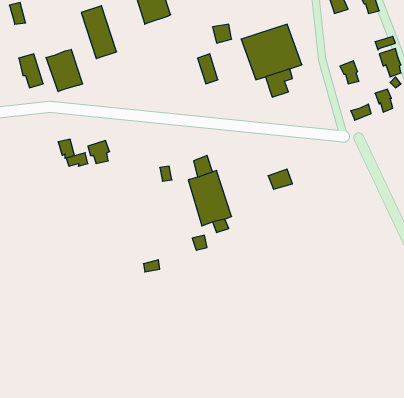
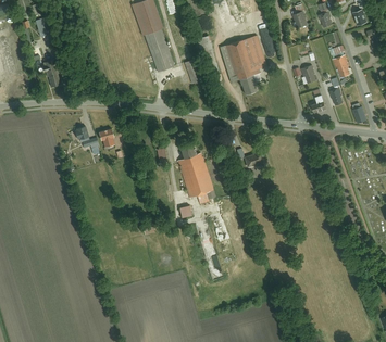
building: [81,6,117,59] -> [146,29,174,72]
building: [46,49,82,92] -> none

